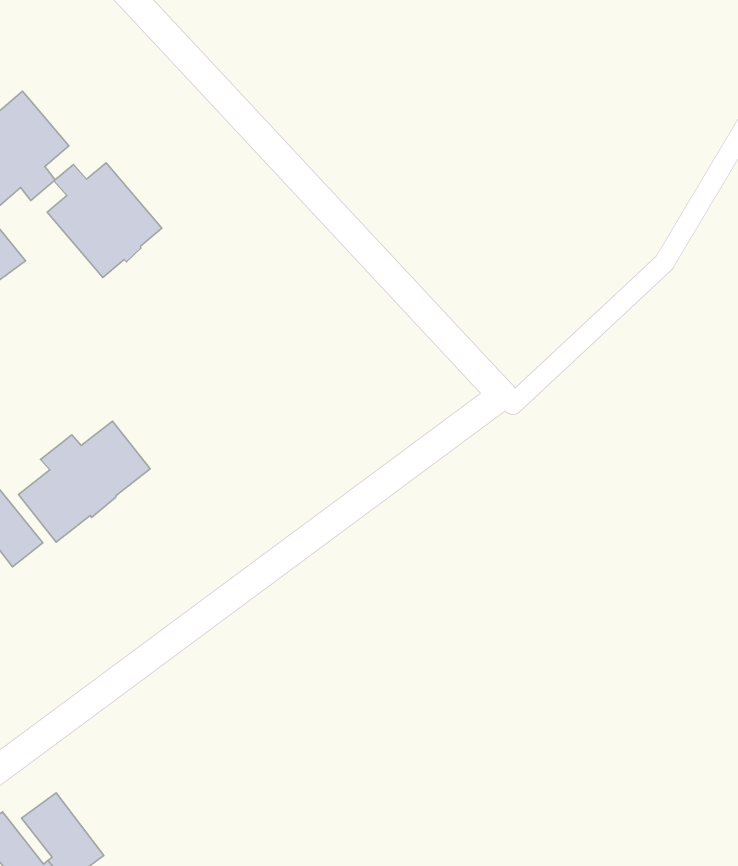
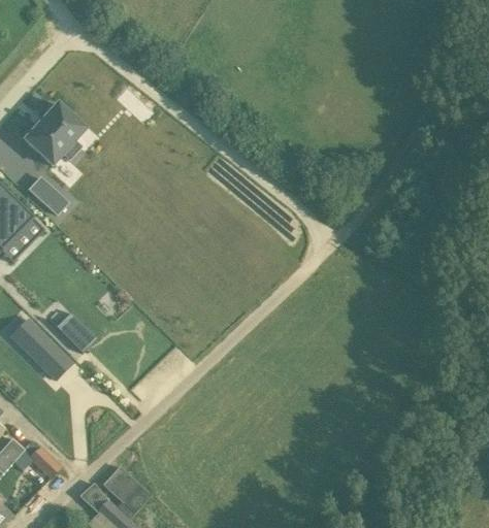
building: [47,163,162,278] -> none
building: [18,421,150,542] -> none

